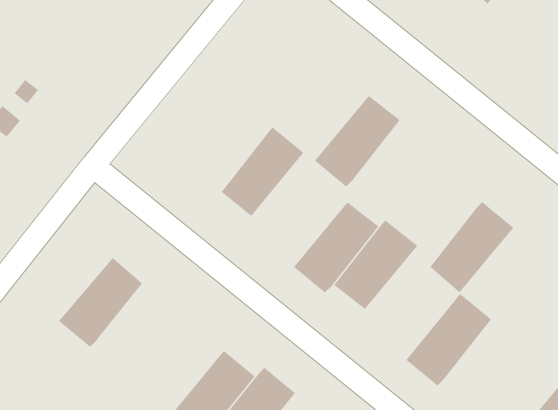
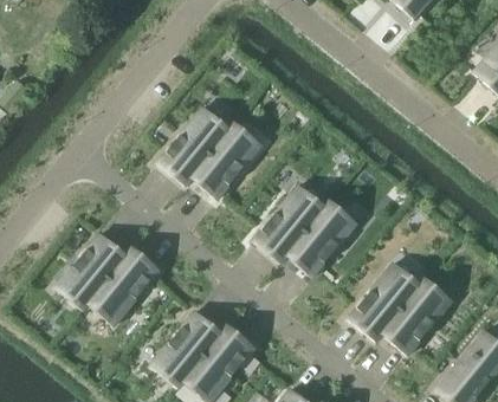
building: [314,95,400,187] -> [155,104,228,182]
building: [429,202,514,293] -> [381,278,453,356]
building: none -> [84,245,157,324]

